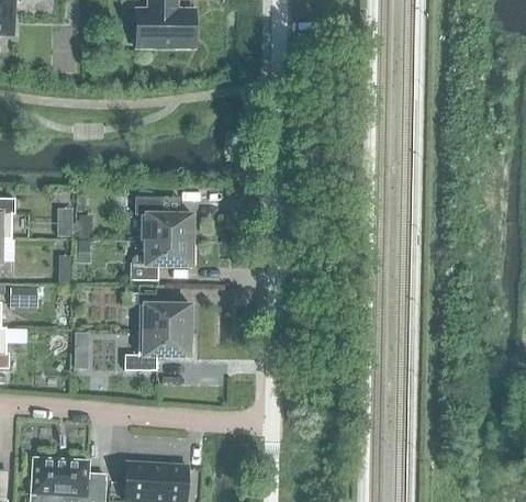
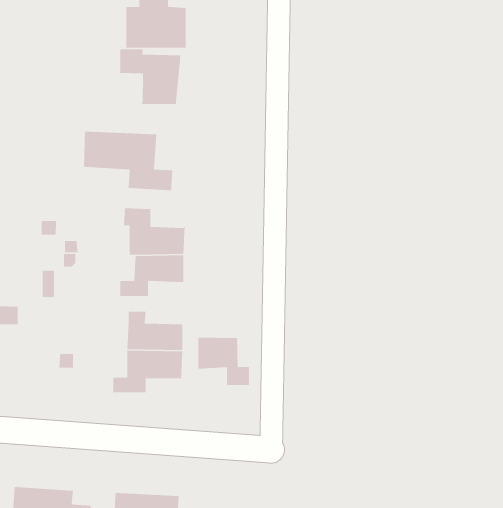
building: none -> [119,49,181,105]
building: none -> [83,131,173,191]
building: none -> [197,337,250,386]

